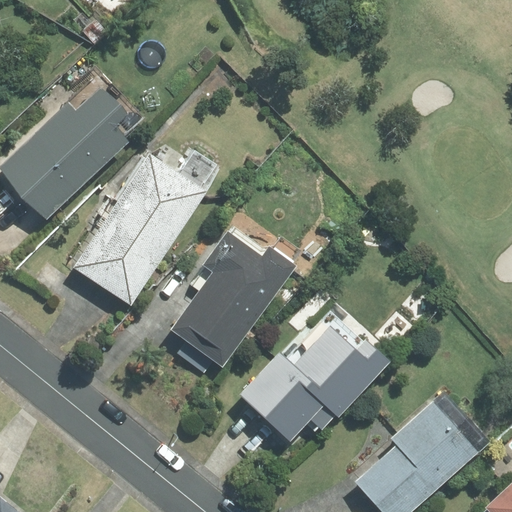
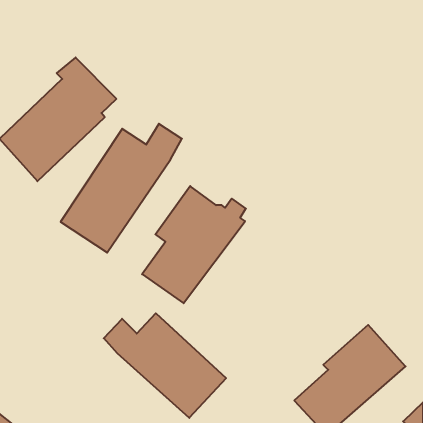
building: [241,312,387,441] -> none
building: none -> [104,313,226,418]

